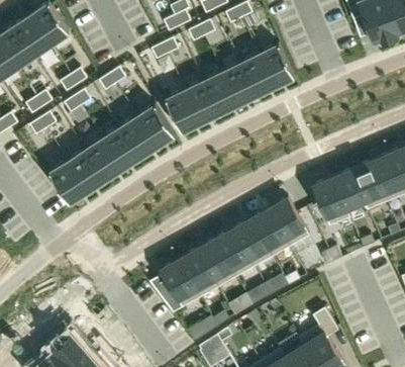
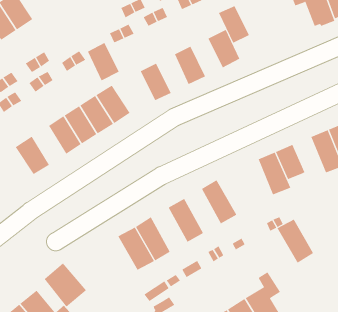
building: [239,55,274,96] -> [218,5,250,43]
building: [202,72,236,114] -> none
building: [165,90,200,132] -> [87,42,120,81]
building: [67,150,103,192] -> none
building: [350,162,386,209] -> none
building: [268,198,308,247] -> [277,219,314,263]
building: [232,218,272,267] -> none
building: [196,239,235,287] -> none
building: none -> [44,263,87,308]

